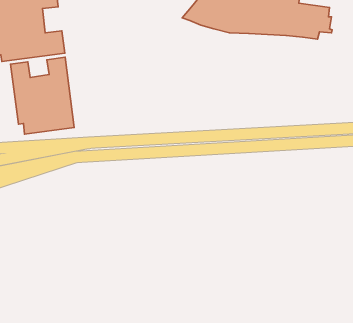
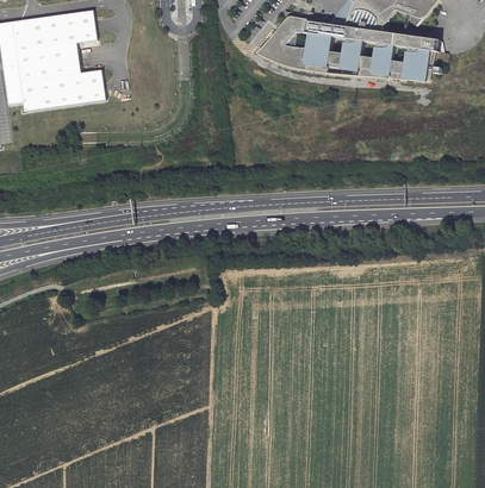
building: [10,57,74,134] -> none

